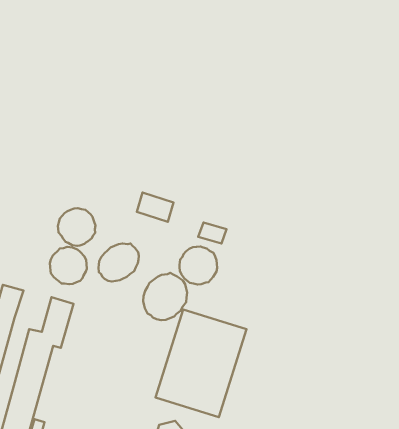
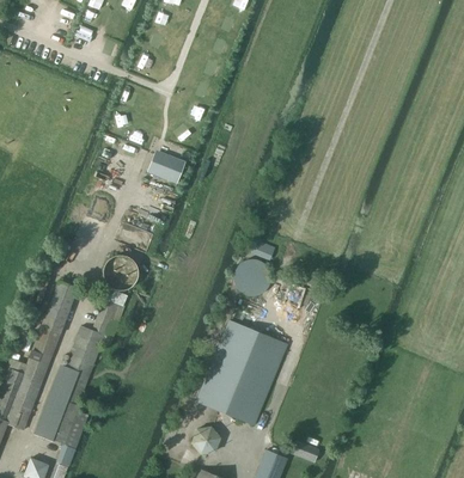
building: [137,192,174,222] -> [147,153,183,183]
building: [98,243,139,281] -> none
building: [143,273,187,320] -> none

